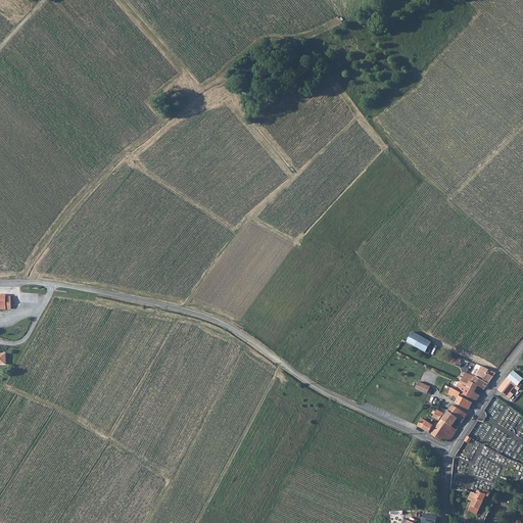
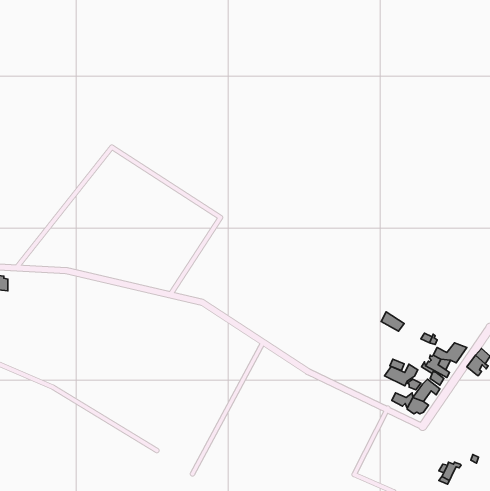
building: none -> [385,364,418,386]

